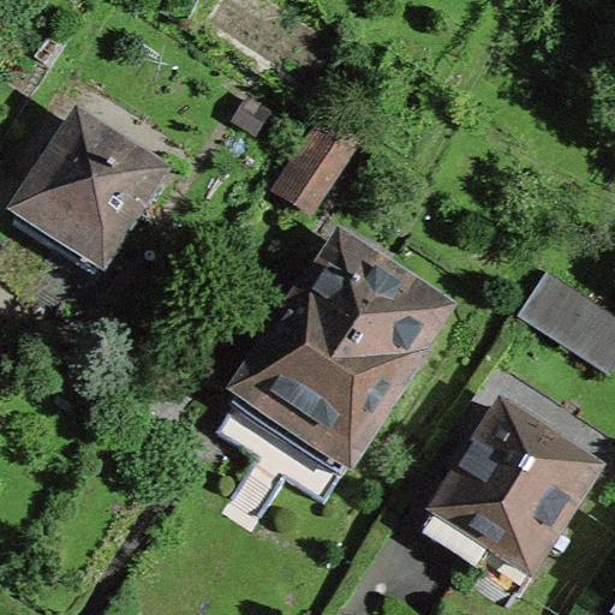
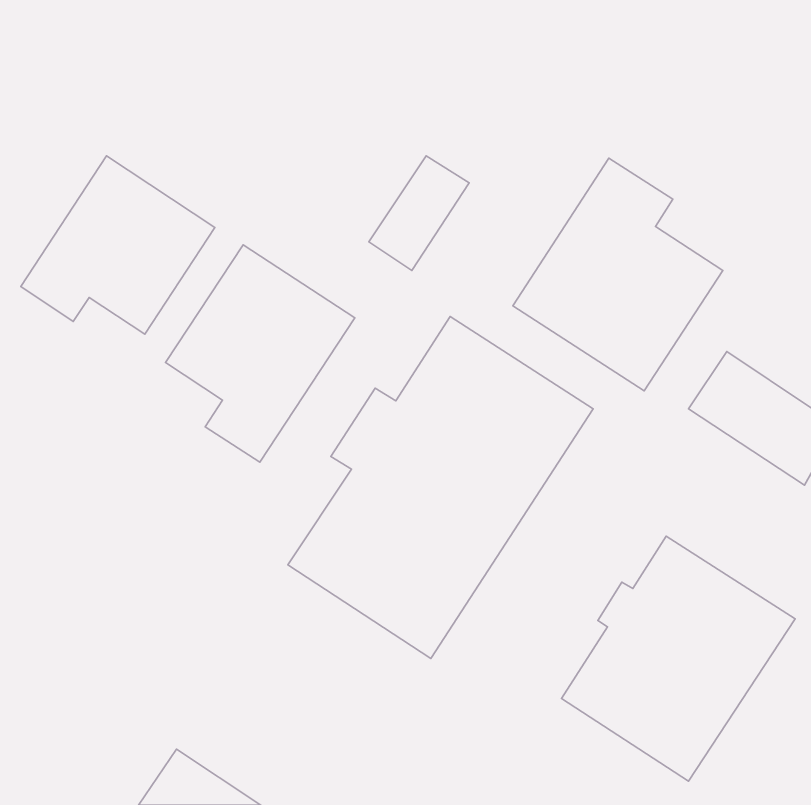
building: none -> [513,158,723,391]
building: none -> [165,245,355,462]

